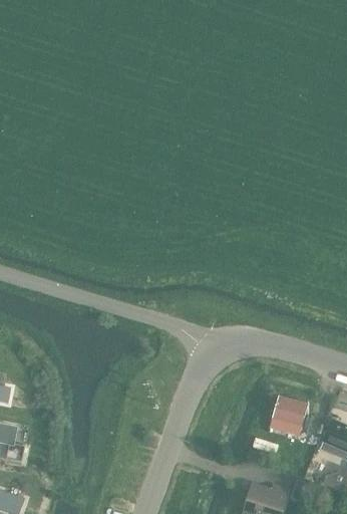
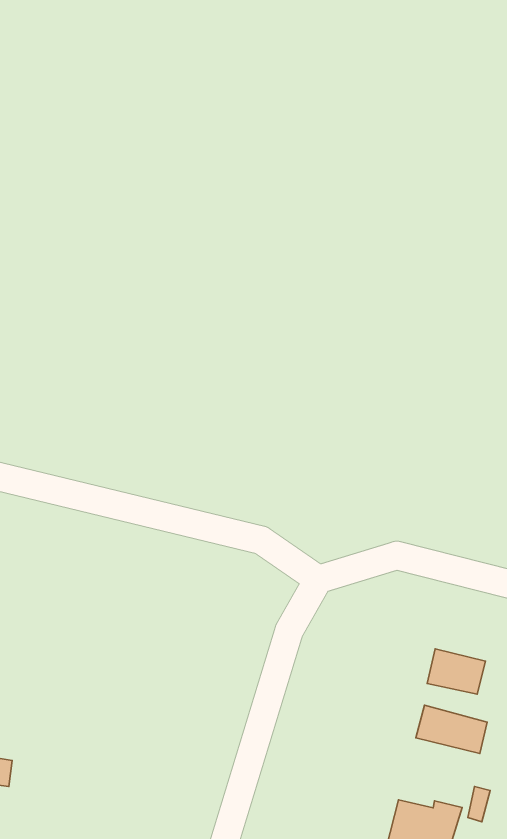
building: none -> [416,705,487,753]

